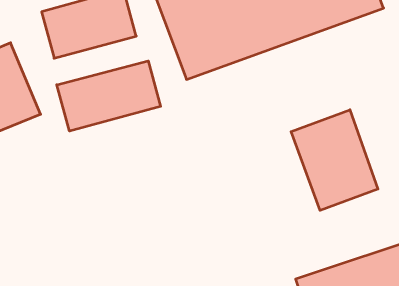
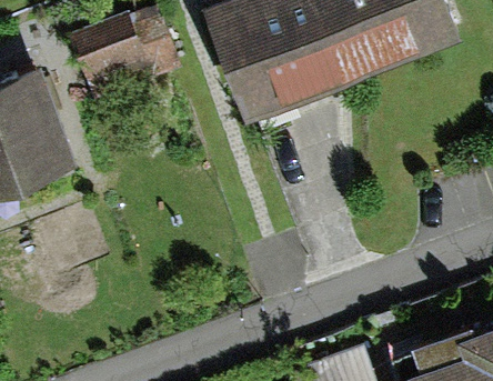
building: [57,61,161,131] -> none
building: [291,110,378,210] -> none

